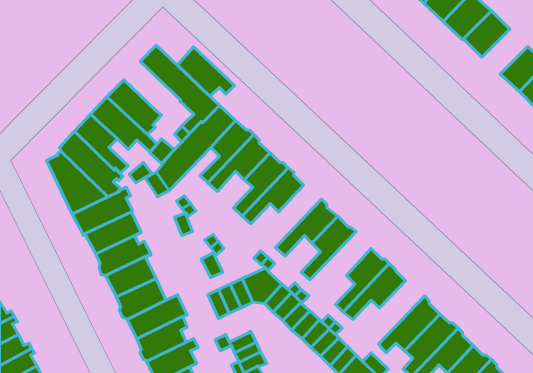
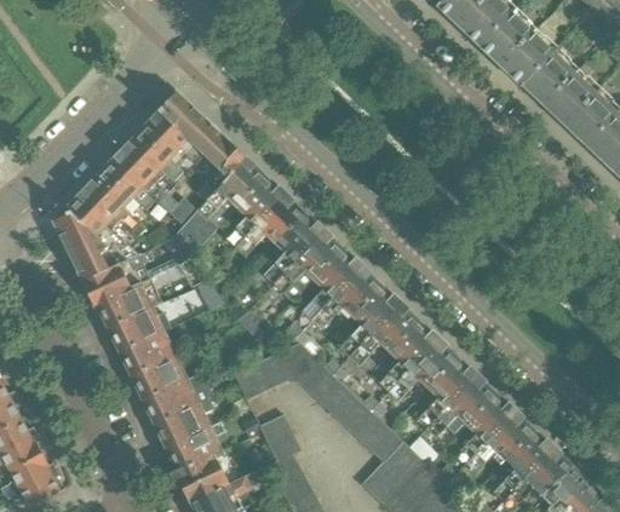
building: none -> [544,74,596,125]
building: [177,47,234,96] -> [140,110,205,166]
building: none -> [303,249,363,320]
building: none -> [350,301,419,366]
building: none -> [418,357,480,428]

